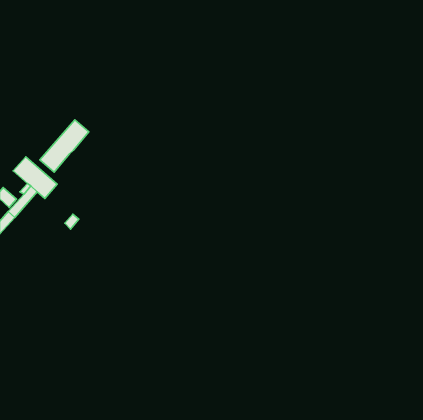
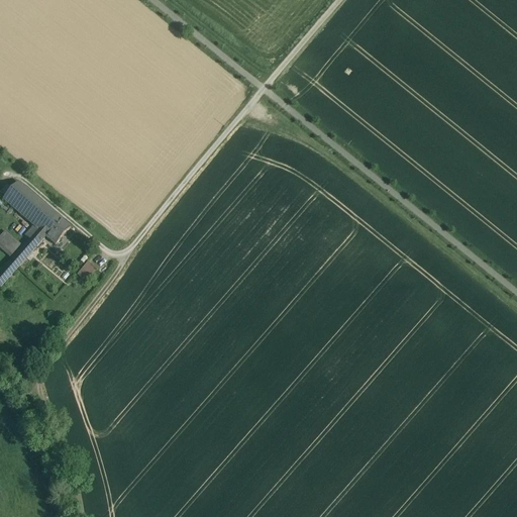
building: [40,120,89,172] -> none
building: none -> [4,180,31,208]

